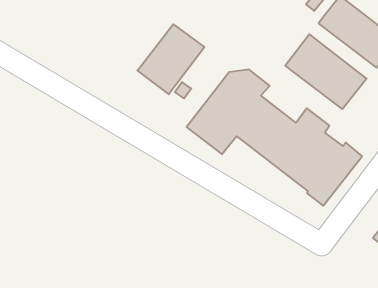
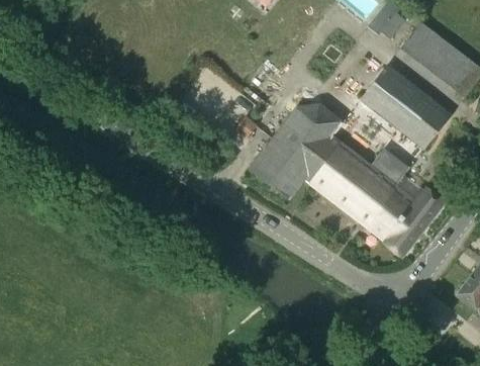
building: [137,24,204,94] -> none

